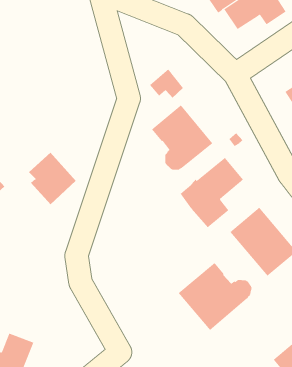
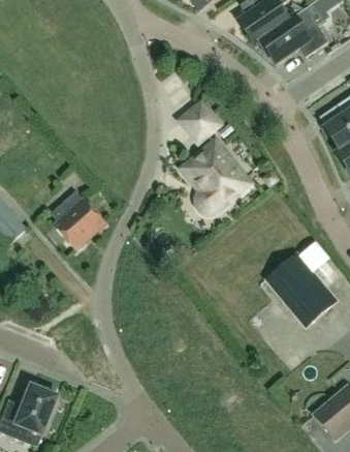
building: [180,157,244,228] -> none
building: [178,262,252,331] -> none

